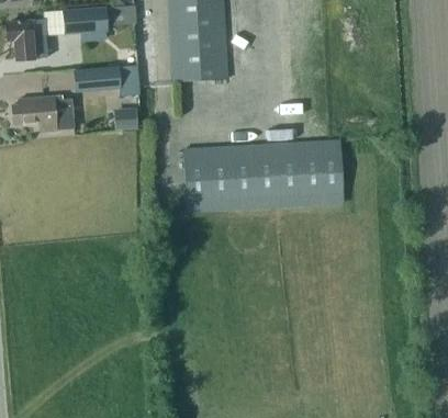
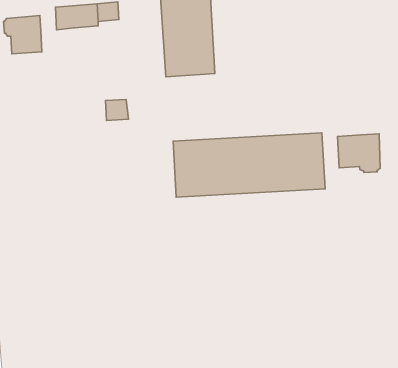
building: [76,65,135,93] -> none
building: [12,94,74,131] -> none
building: none -> [337,134,380,172]

